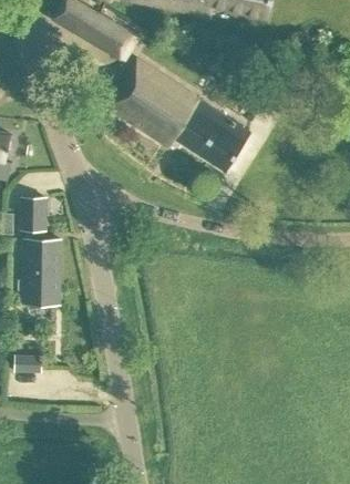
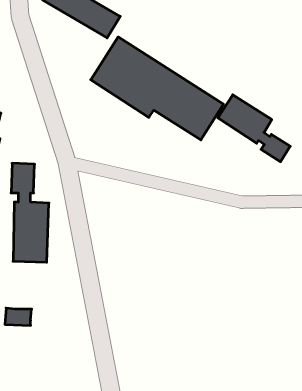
building: none -> [218,95,290,162]

